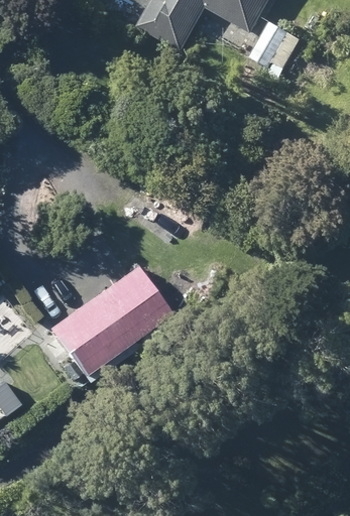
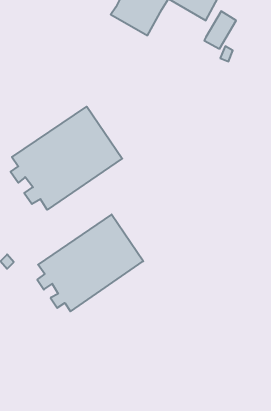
building: none -> [11,107,122,210]

